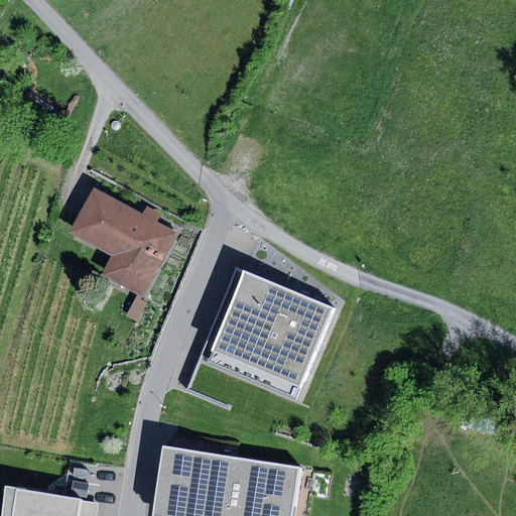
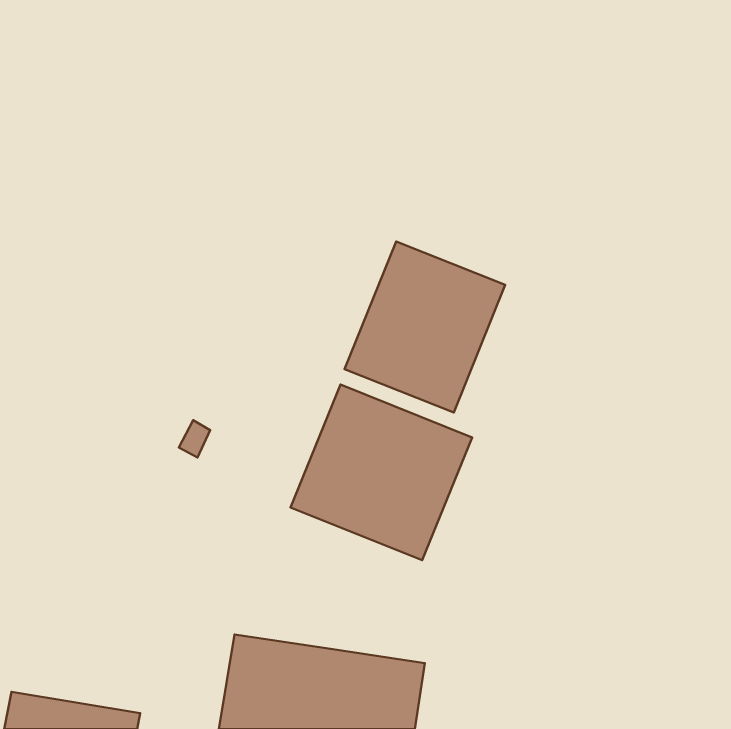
building: none -> [345,242,505,412]
building: [72,187,177,296] -> none

